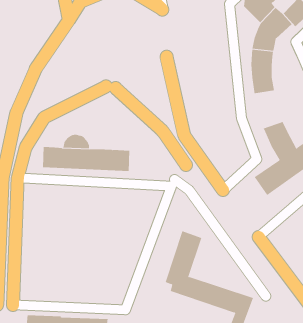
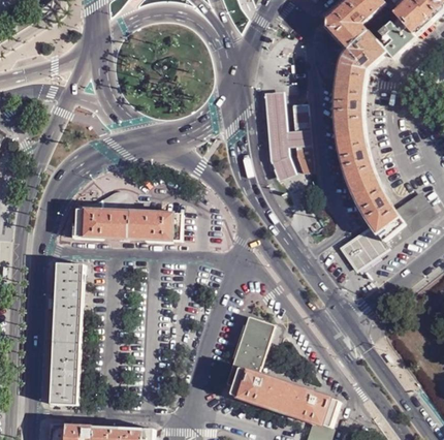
building: none -> [263,91,312,181]
building: none -> [338,137,376,186]
building: none -> [47,263,82,405]

